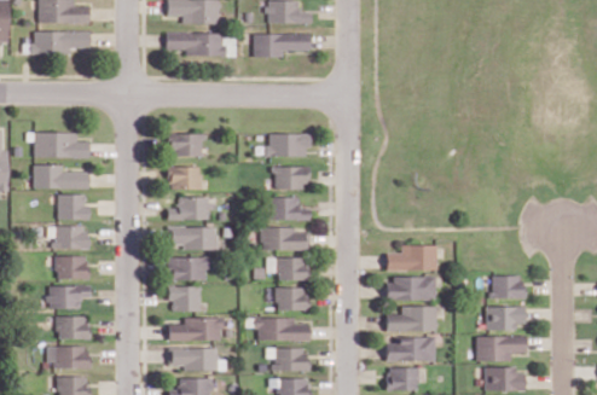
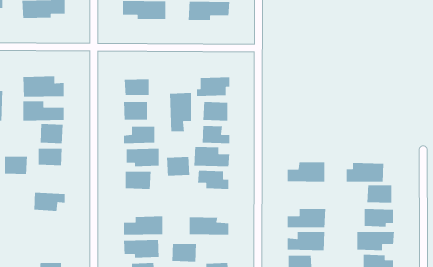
building: none -> [169,92,192,132]
building: [58,255,89,280] -> [4,156,28,175]
building: [384,275,435,302] -> [346,162,384,182]
building: [276,285,307,312] -> [166,156,190,176]
building: [169,286,201,313] -> none
building: [58,315,91,341] -> none
building: [48,345,89,368] -> none
building: [273,347,307,372] -> [171,243,197,262]

